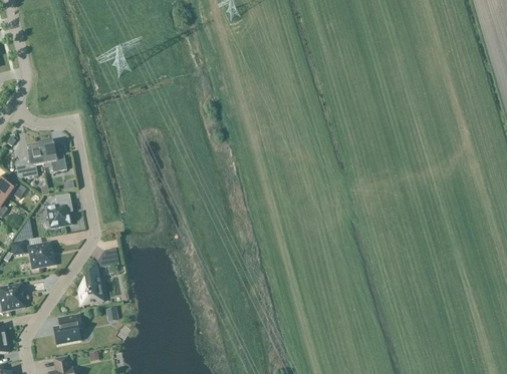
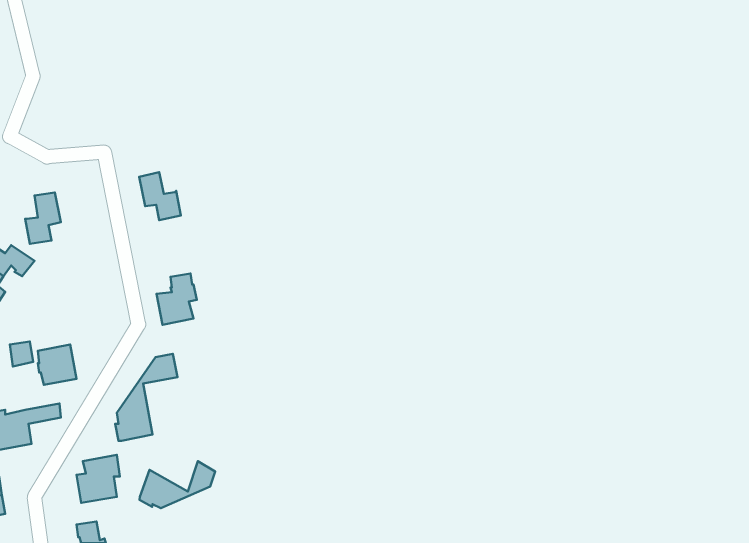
building: [39,139,66,170] -> [139,172,181,220]
building: [46,193,72,226] -> [156,274,197,325]
building: none -> [139,461,215,508]

